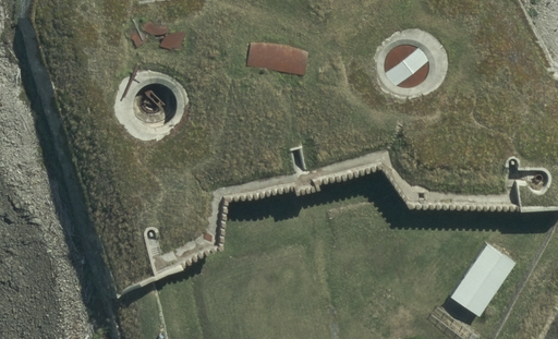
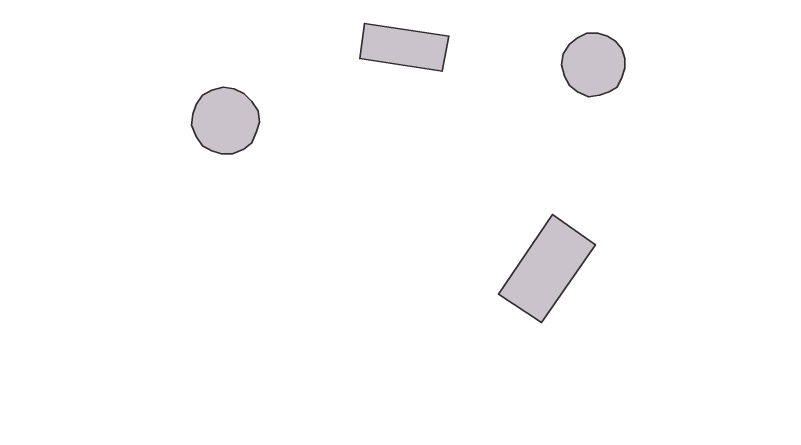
building: [448,241,514,315] -> [499,215,595,323]

